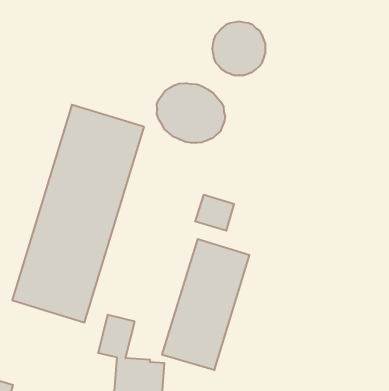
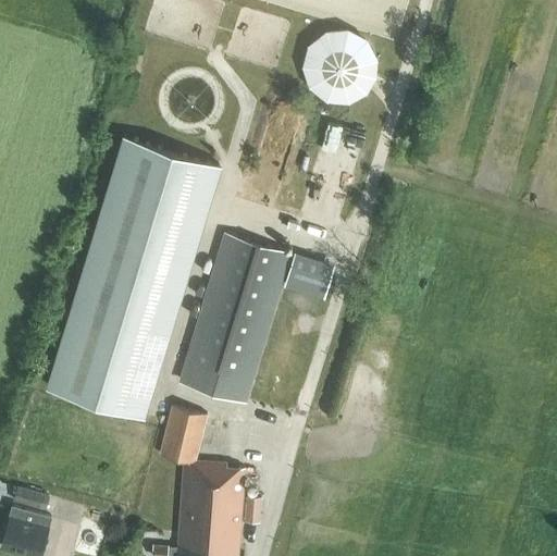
building: [157,83,225,143] -> none
building: [162,239,249,370] -> [178,236,290,404]

